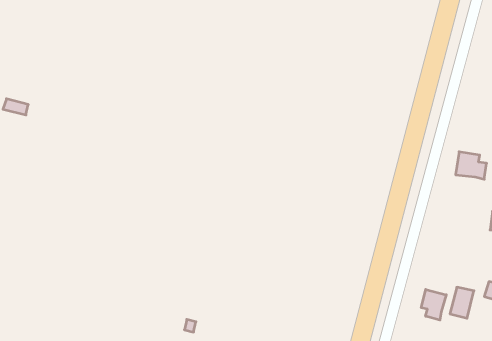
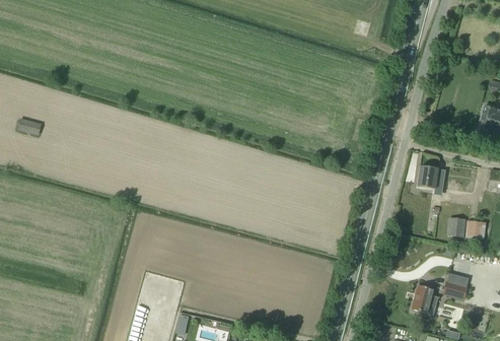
building: [421,289,446,320] -> none

